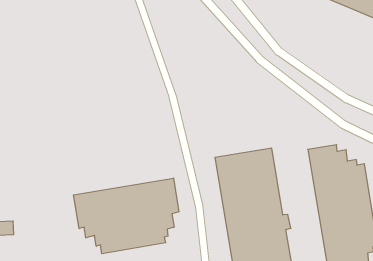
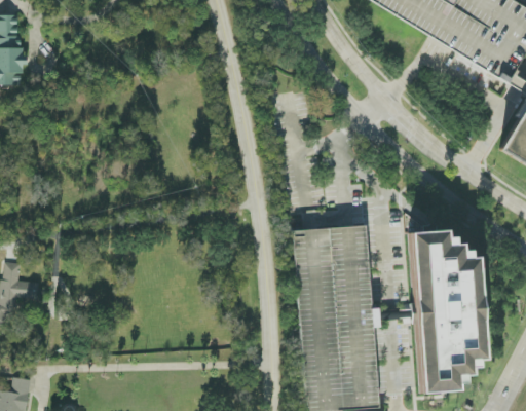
building: [73,178,179,254] -> none

